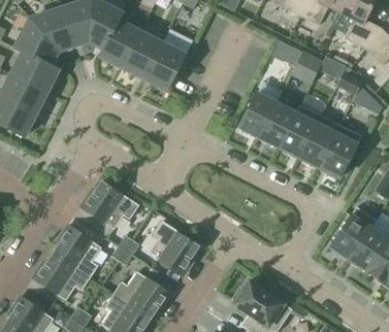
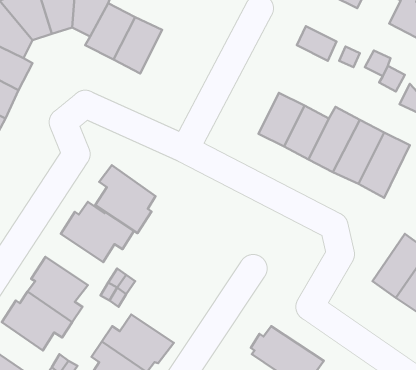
building: [143,42,185,90] -> none
building: [149,221,197,275] -> [95,165,155,233]

